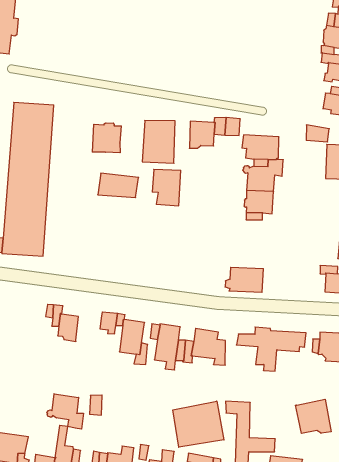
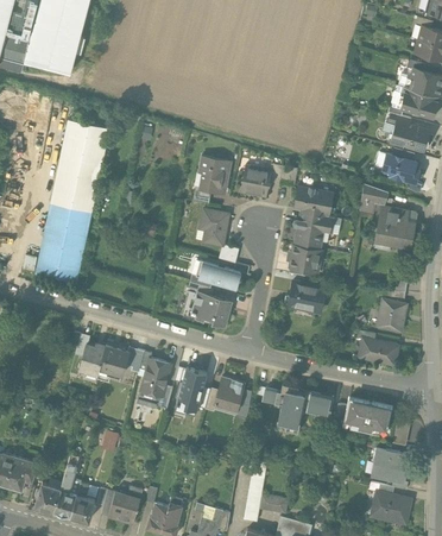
building: [92,123,121,153] -> none
building: [98,173,139,198] -> [195,261,239,291]
building: none -> [191,291,232,324]
building: [225,267,263,292] -> [284,282,326,311]
building: none -> [99,345,128,376]
building: [47,394,83,429] -> none
building: [295,399,331,433] -> none
building: [173,401,224,447] -> none

